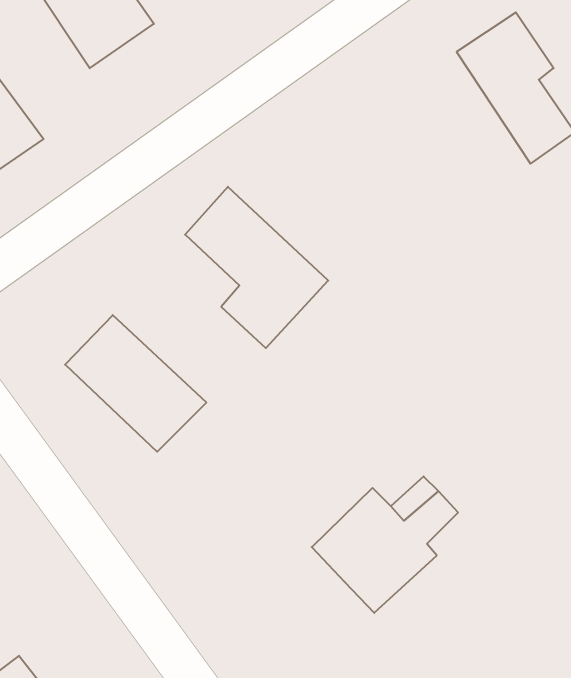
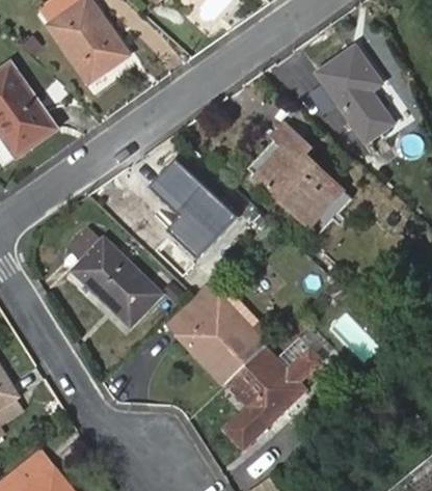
building: none -> [257,121,343,226]
building: none -> [179,297,266,384]
building: none -> [224,406,267,447]

